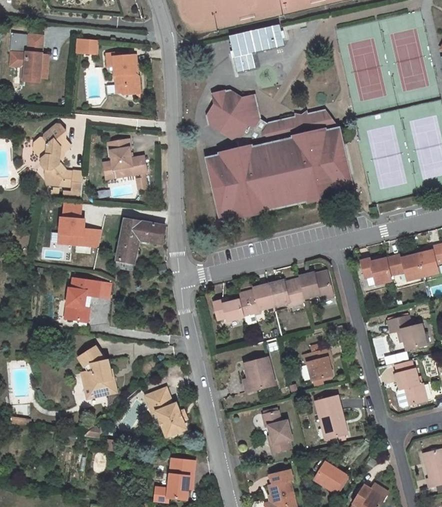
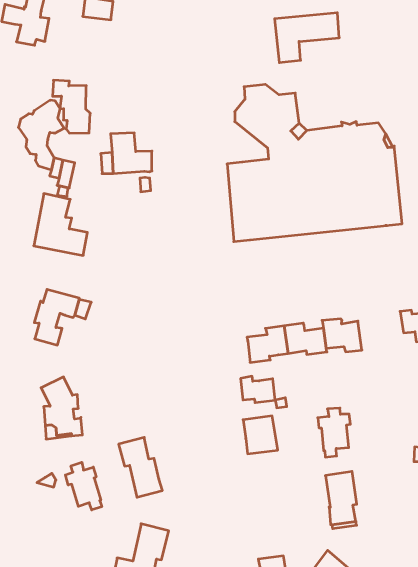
building: [106,52,140,94] -> [53,80,90,133]
building: [114,218,166,270] -> none
building: [214,299,244,320] -> [241,376,275,403]
building: [263,409,292,452] -> none
building: none -> [65,462,102,510]

